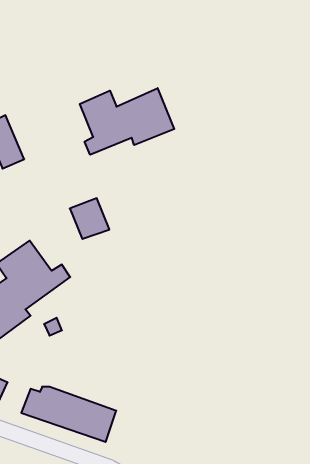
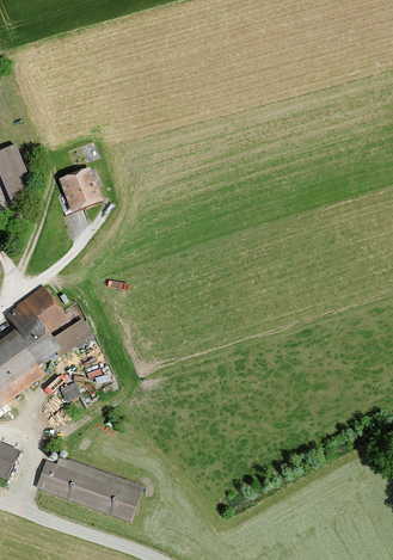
building: [80,88,174,155] -> none
building: [70,198,109,239] -> [59,168,104,215]

